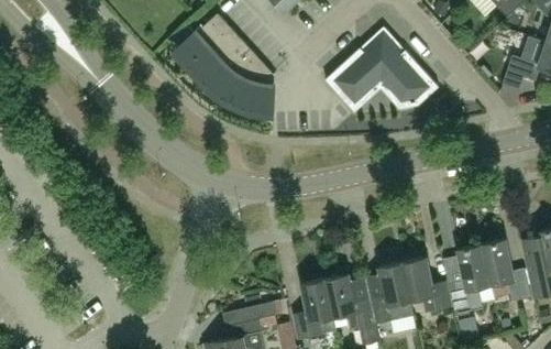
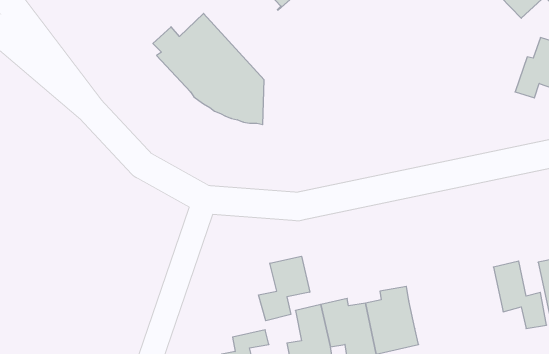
building: [324,36,439,112] -> none
building: none -> [259,256,310,321]
building: [452,244,491,313] -> none
building: [403,257,451,313] -> none

